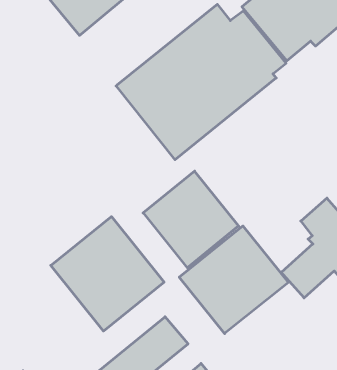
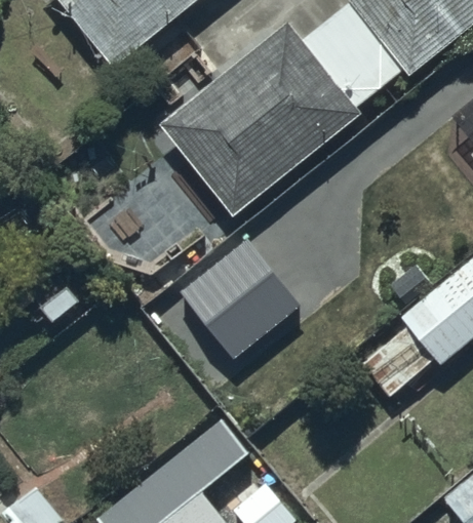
building: [51,217,164,331] -> none
building: [179,226,288,334] -> none

